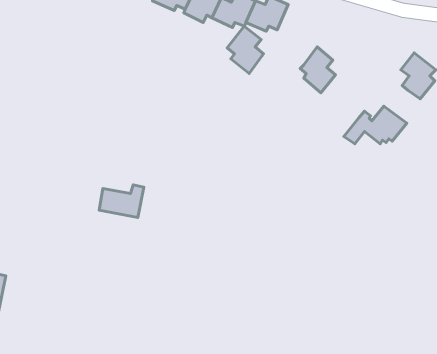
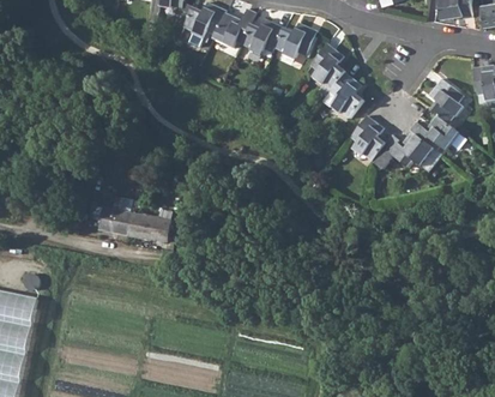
building: [227,26,264,73] -> [310,44,346,91]
building: none -> [409,116,458,151]
building: none -> [350,118,386,163]
building: none -> [90,206,133,235]

